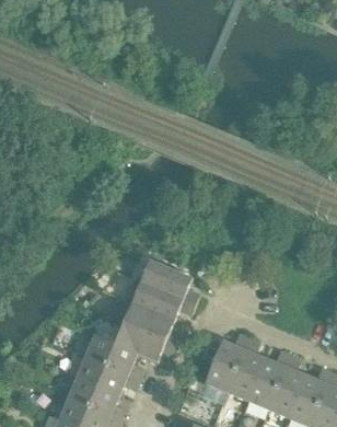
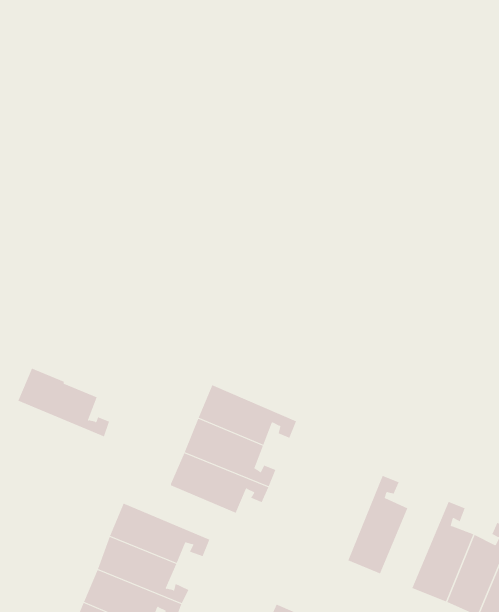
building: [141,259,199,303] -> none
building: [205,333,248,391] -> none
building: [85,334,143,378] -> [18,368,110,437]
building: [247,349,290,408] -> none

